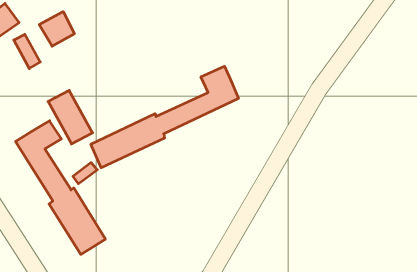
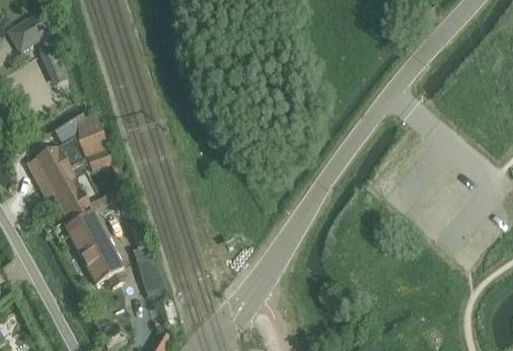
building: [39,12,74,46] -> none
building: [91,66,238,168] -> none

